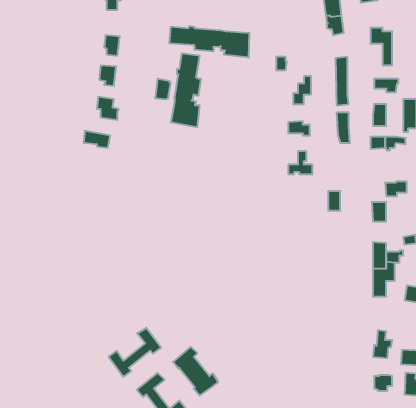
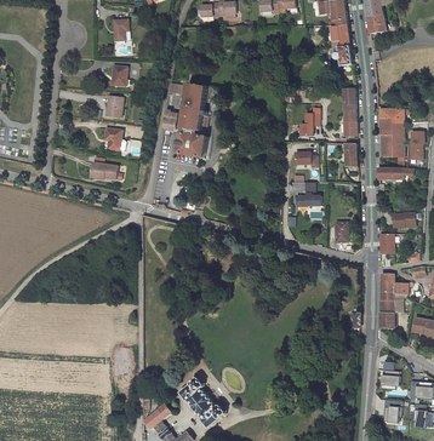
building: [169,26,249,58] -> none
building: [370,28,392,65] -> [382,119,404,156]
building: [109,328,161,377] -> none

